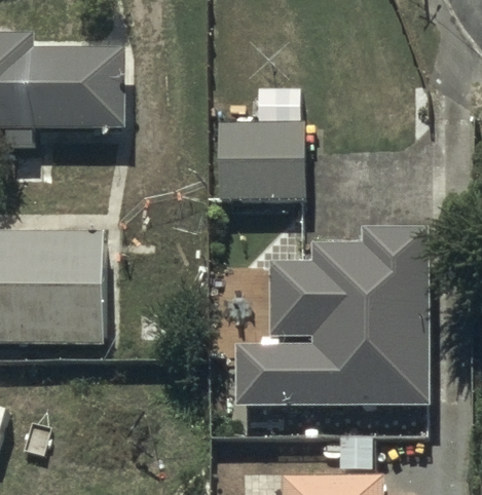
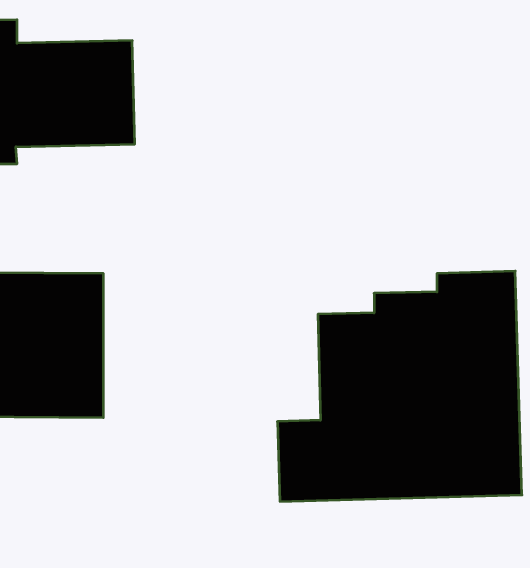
building: [220,115,304,198] -> none

